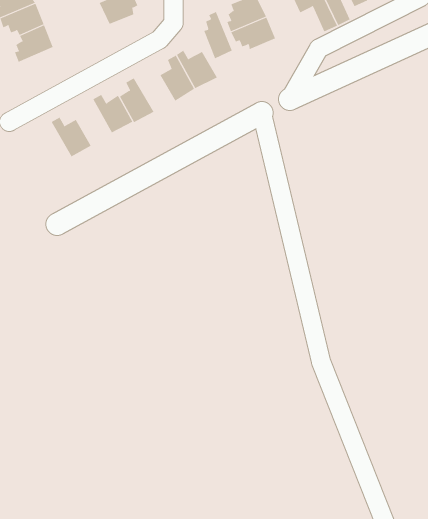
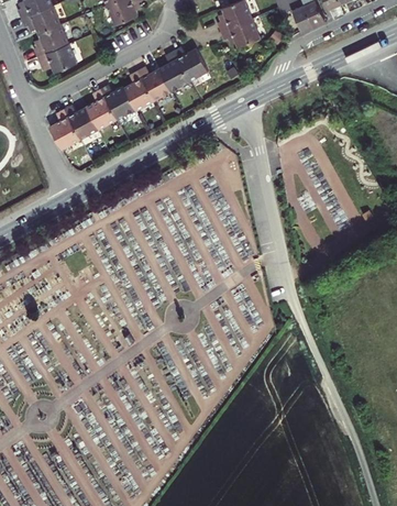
building: [203,11,233,59] -> none
building: none -> [36,44,76,73]
building: none -> [137,66,173,100]
building: none -> [87,89,118,130]
building: none -> [51,109,82,151]

